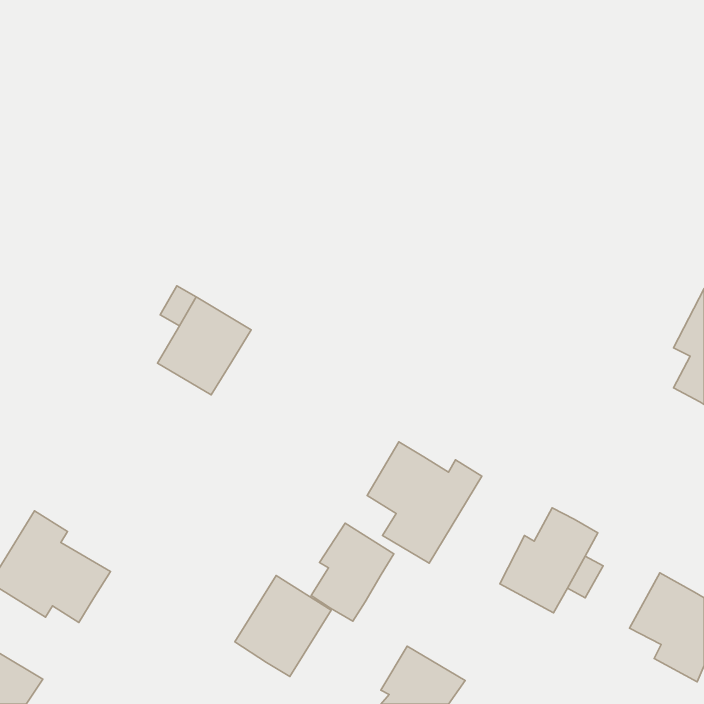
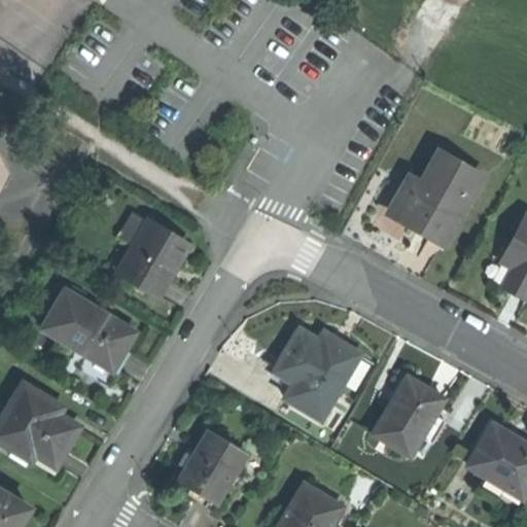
building: none -> [391,154,483,245]
building: none -> [42,290,136,370]
building: [311,523,394,621] -> none

